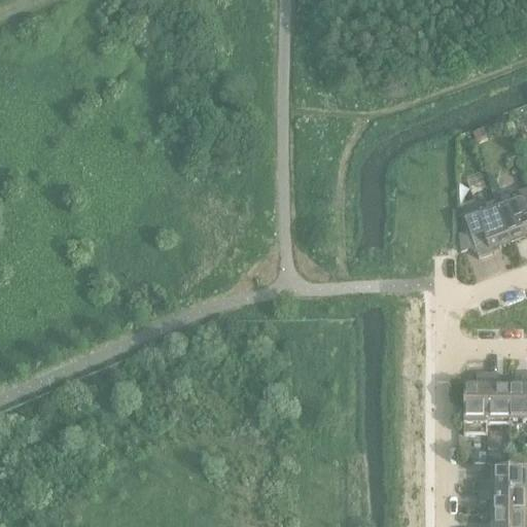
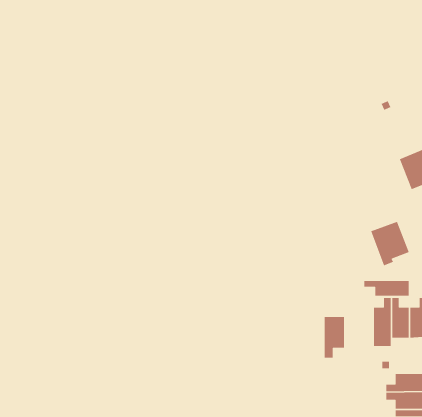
building: [463,198,513,254] -> [370,221,410,266]
building: none -> [363,280,410,297]
building: none -> [324,316,345,359]

